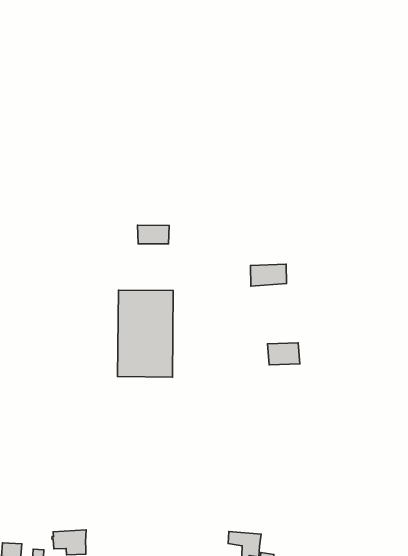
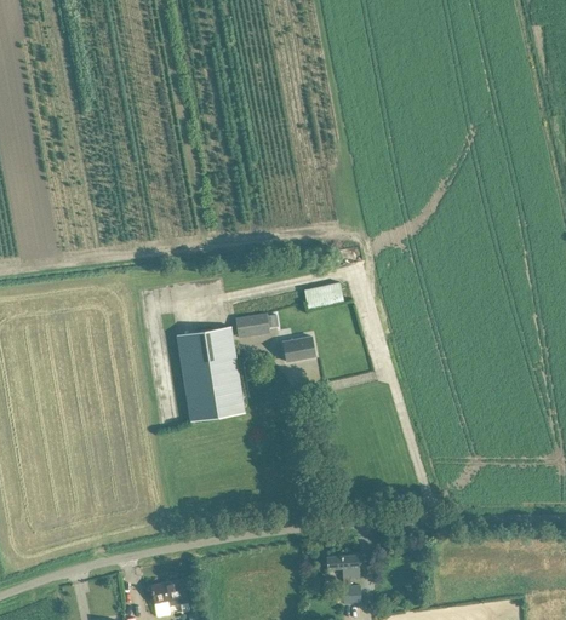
building: [137,225,169,244] -> [235,314,269,337]
building: [268,343,300,365] -> [281,335,316,362]

